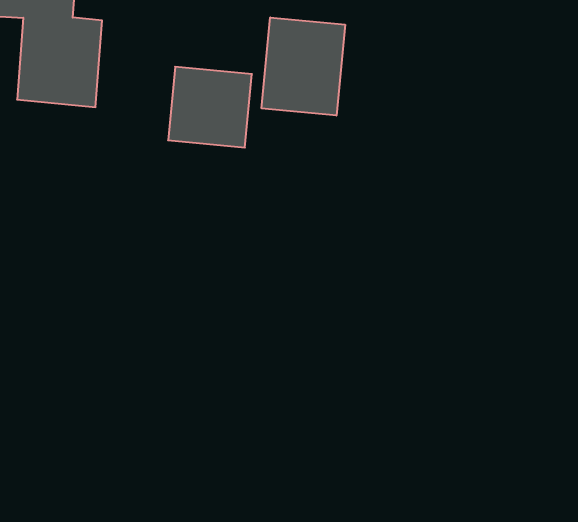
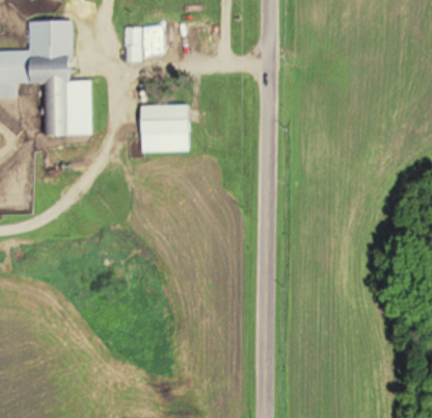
building: [262,17,345,116] -> none

